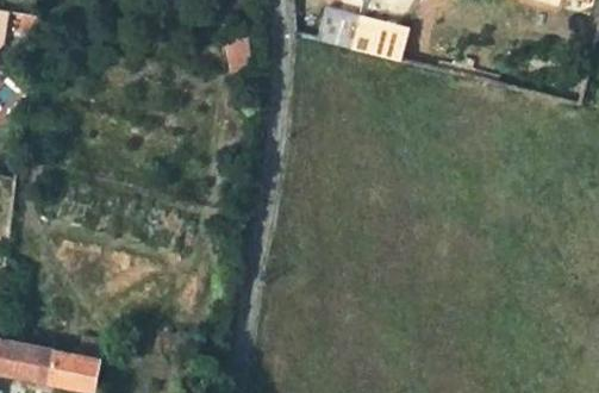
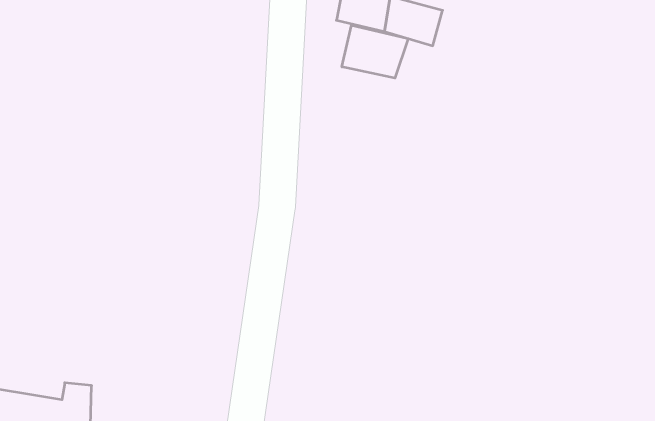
building: none -> [342,25,408,78]

